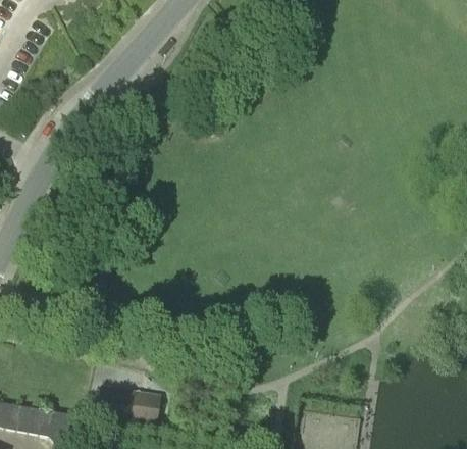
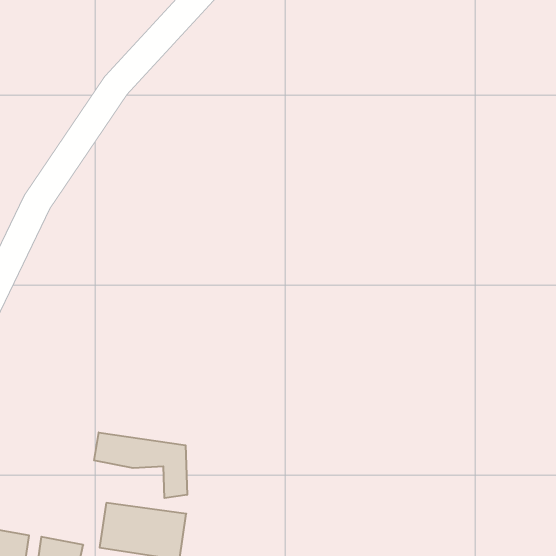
building: none -> [94,432,187,498]

